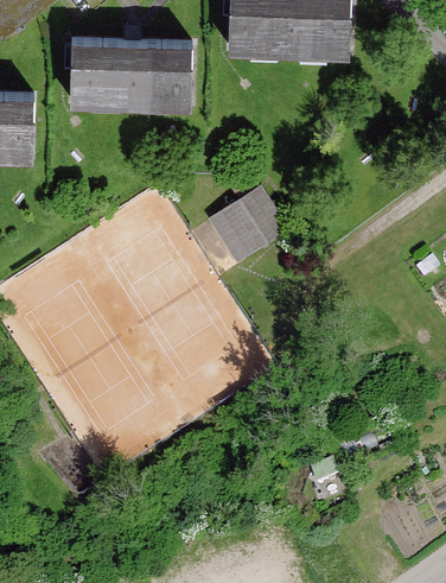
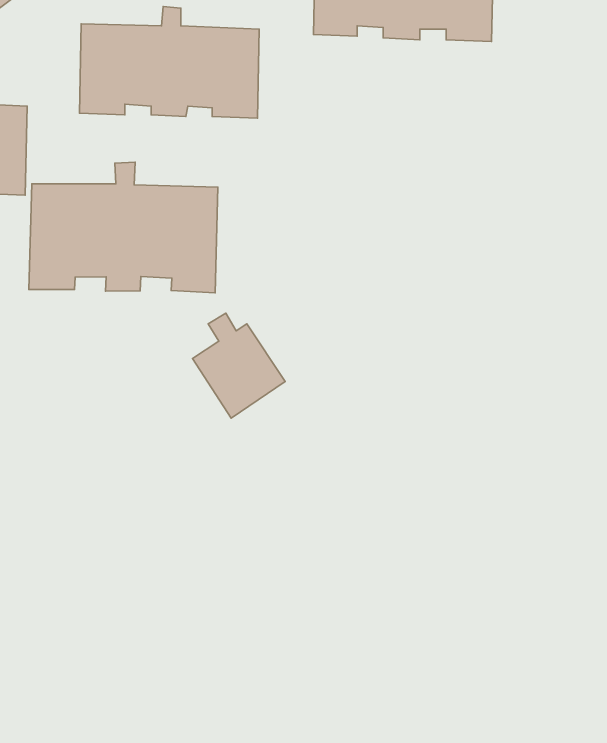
building: none -> [29,162,218,293]
building: [221,185,283,256] -> [193,313,285,418]

